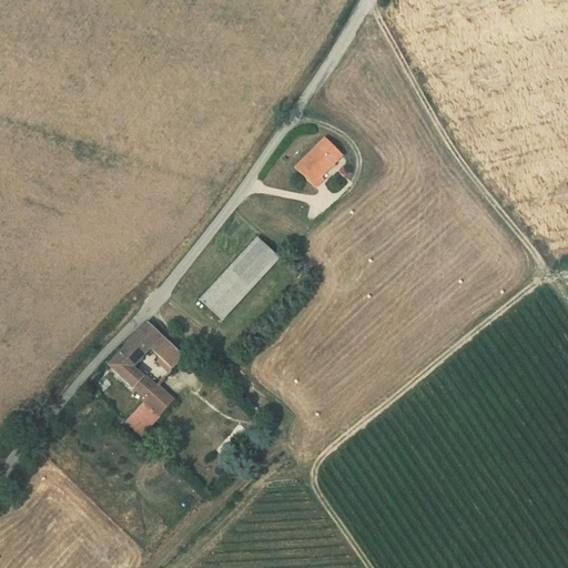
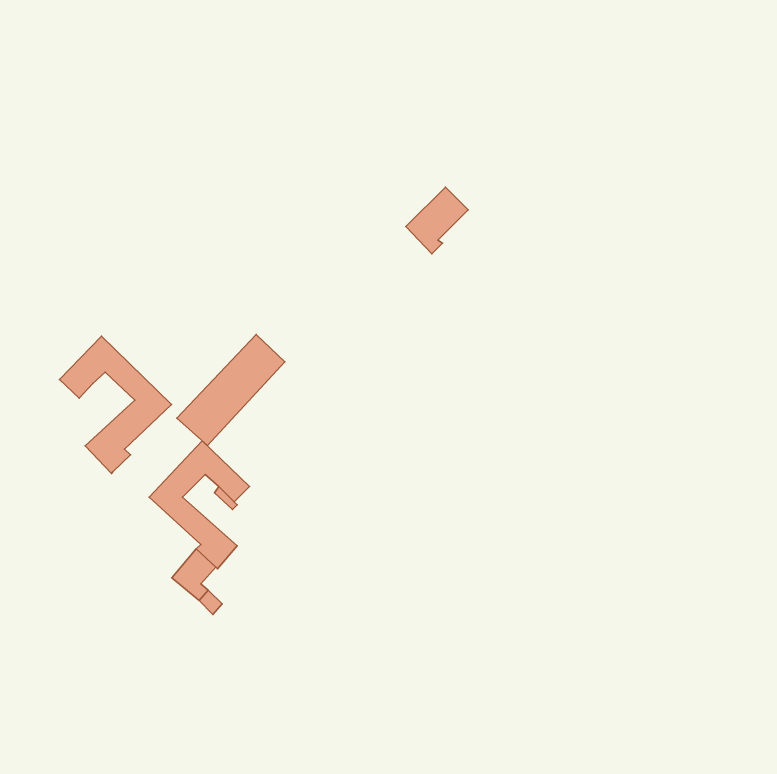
building: [200,236,278,317] -> [177,335,285,446]
building: none -> [60,336,171,473]

